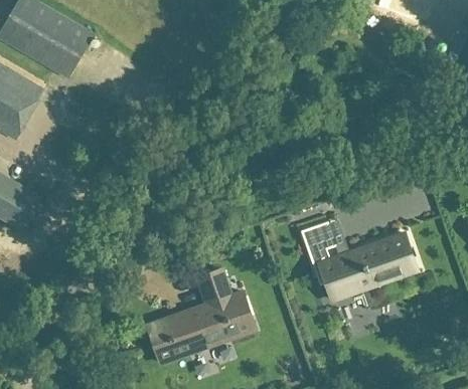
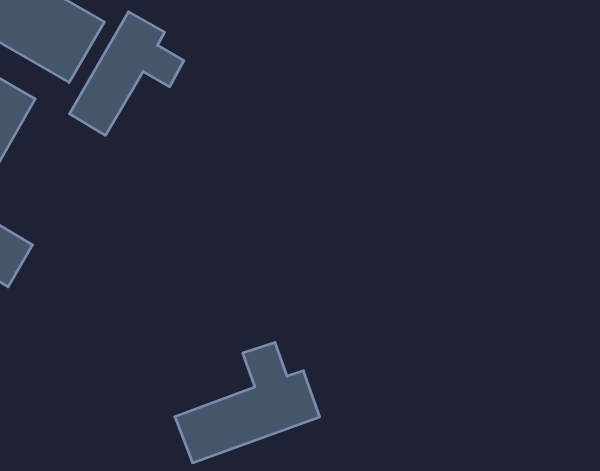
building: none -> [69,12,184,135]
building: [300,223,416,300] -> none

